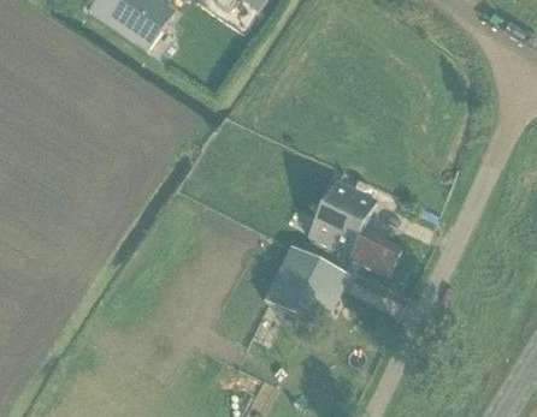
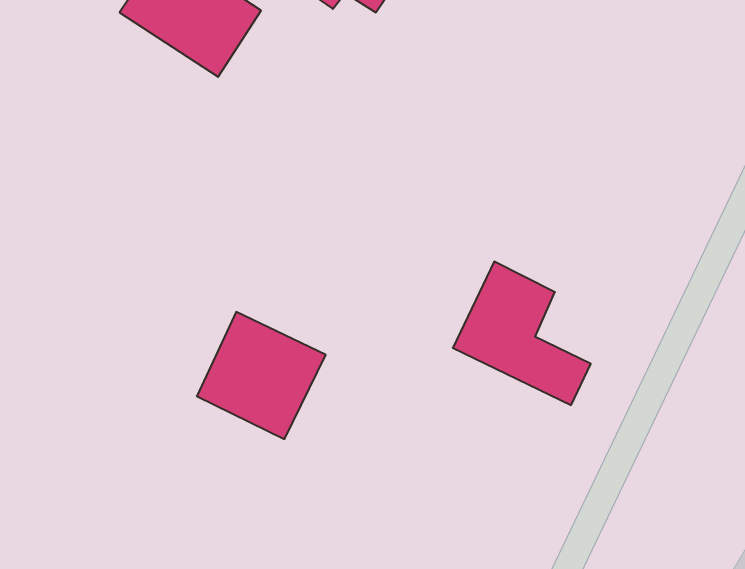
building: [264,240,350,326] -> [197,312,326,439]

